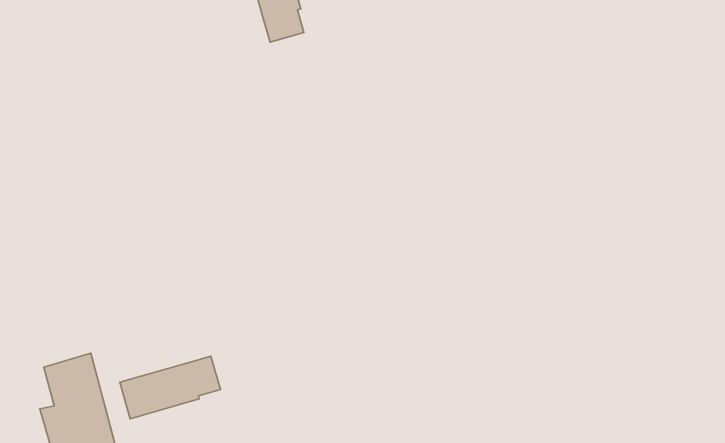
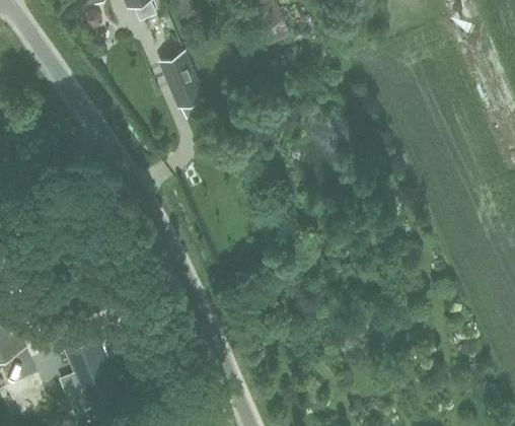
building: [120,356,220,419] -> none

